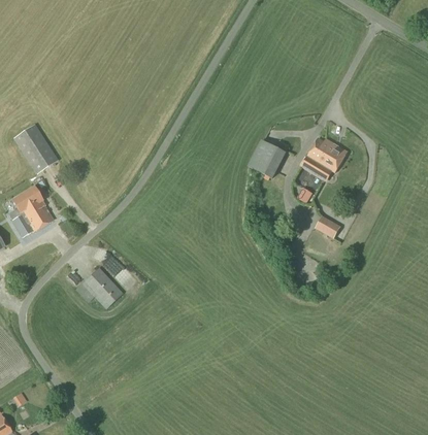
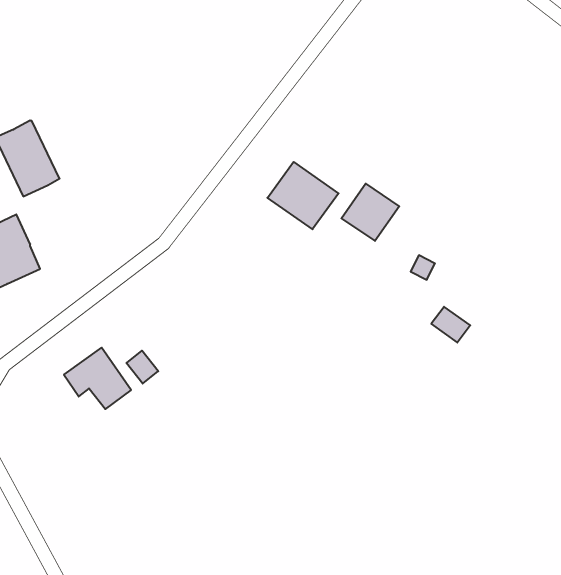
building: none -> [267,162,339,229]
building: [300,136,348,180] -> none

